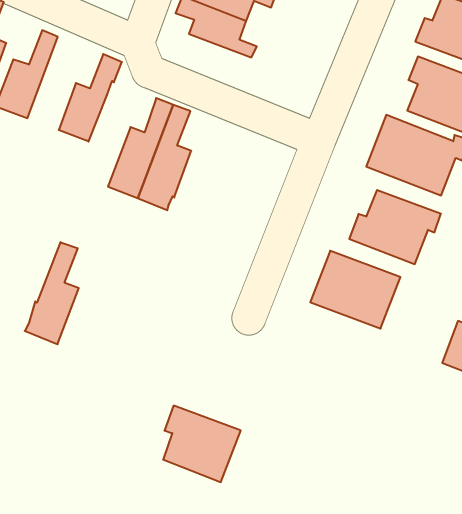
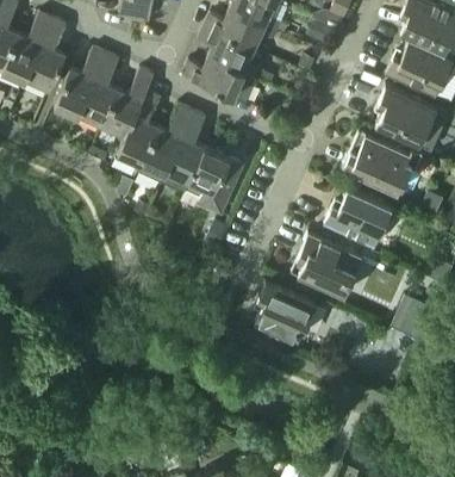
building: none -> [182,56,256,103]
building: none -> [79,52,119,125]
building: none -> [185,148,243,213]
building: [25,242,79,344] -> [114,89,160,169]
building: [163,406,241,482] -> [255,281,317,343]

